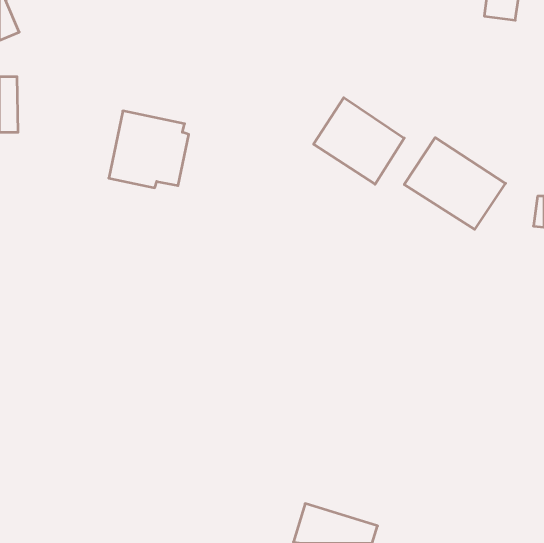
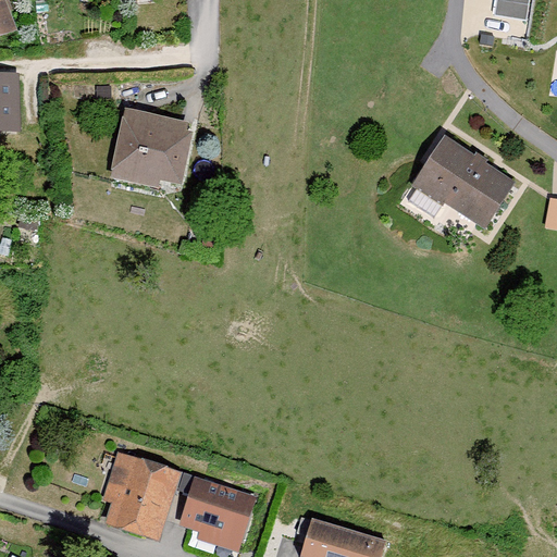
building: [314,98,404,184] -> none
building: none -> [102,448,182,535]
building: none -> [178,473,257,548]

